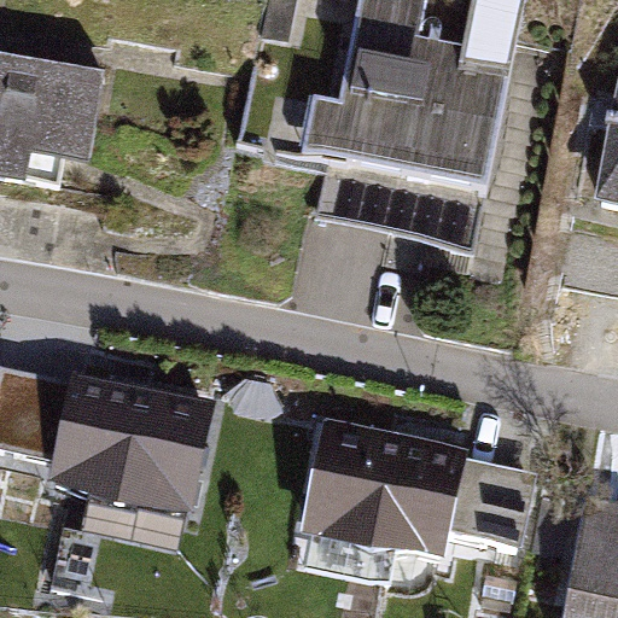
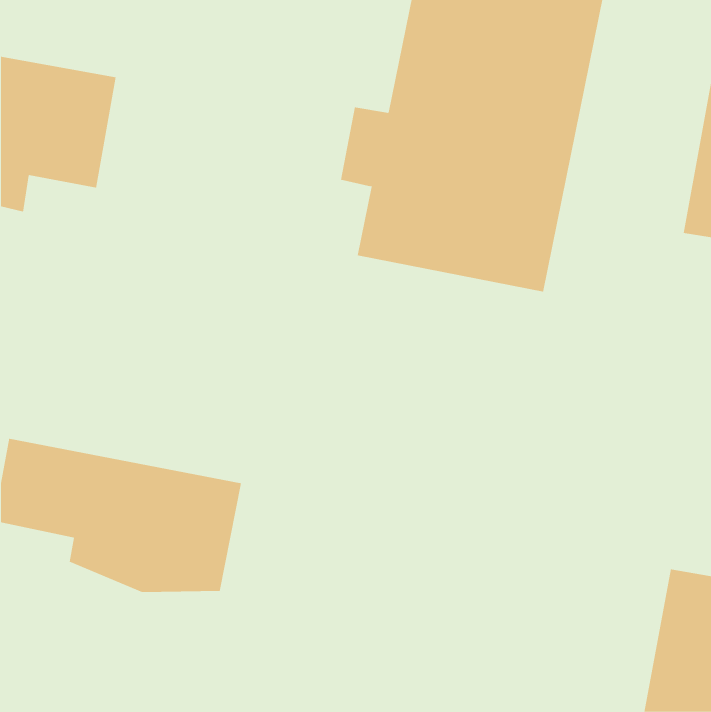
building: [291,418,534,596] -> none

